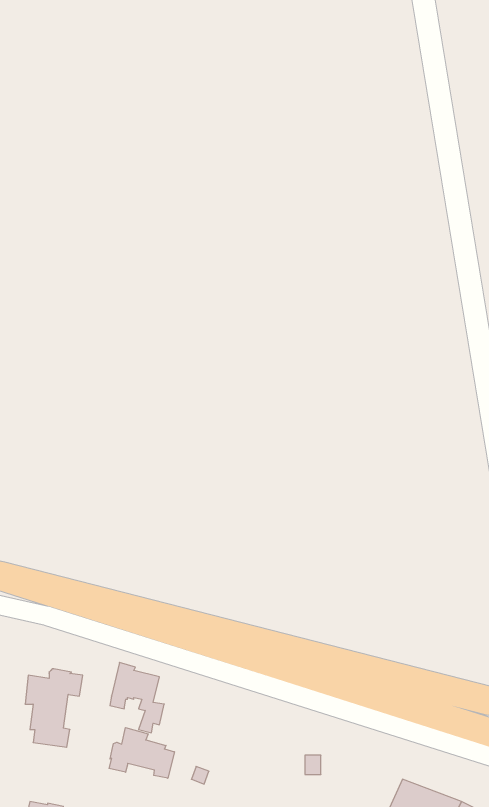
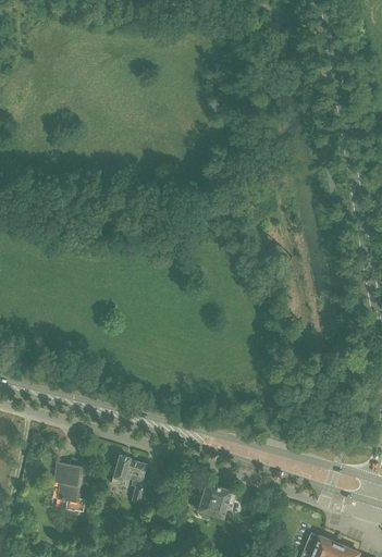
building: none -> [197,482,235,517]
building: [109,728,174,778] -> none

